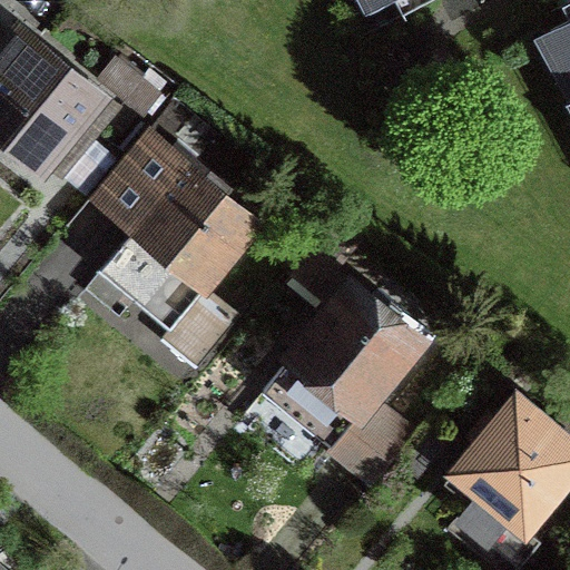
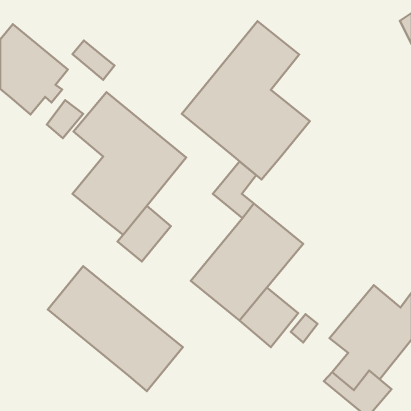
building: none -> [182,21,310,180]
building: none -> [48,266,183,391]

